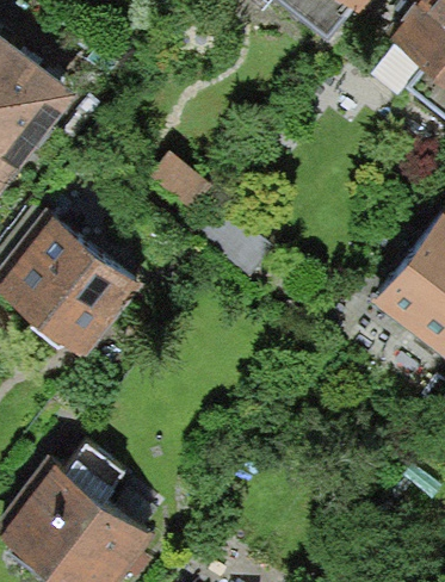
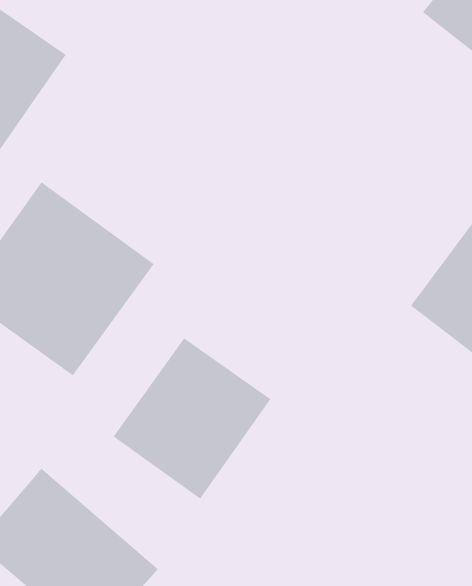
building: none -> [113,337,271,500]

